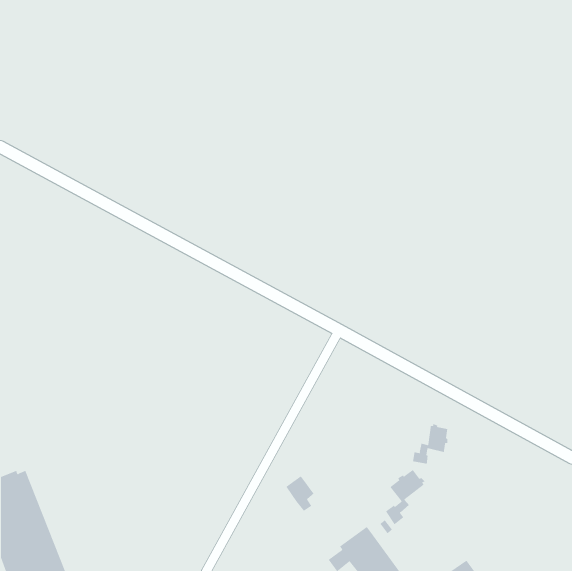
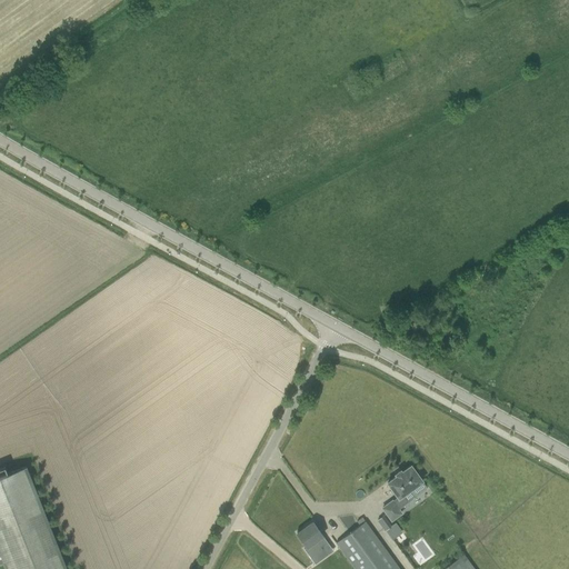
building: [413,423,448,464] -> none
building: [285,476,315,511] -> [297,523,326,559]

